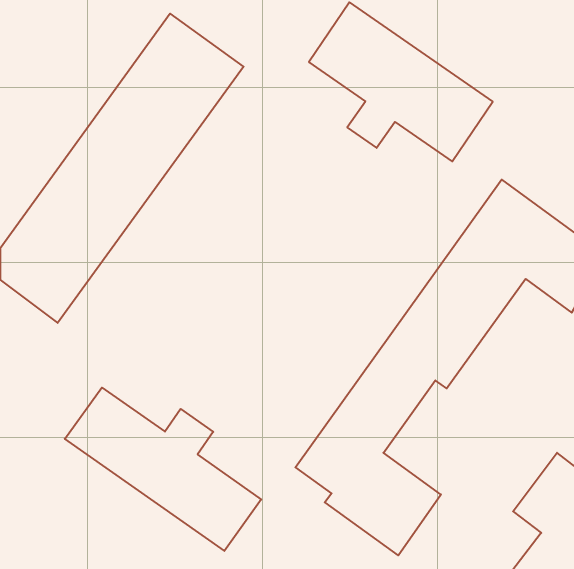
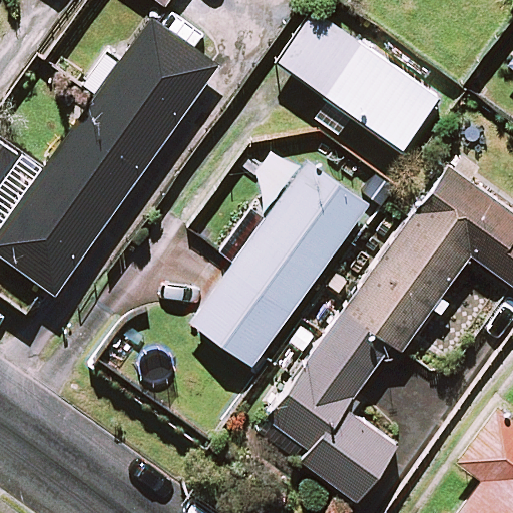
building: none -> [191,161,367,366]
building: [65,388,261,551] -> none

